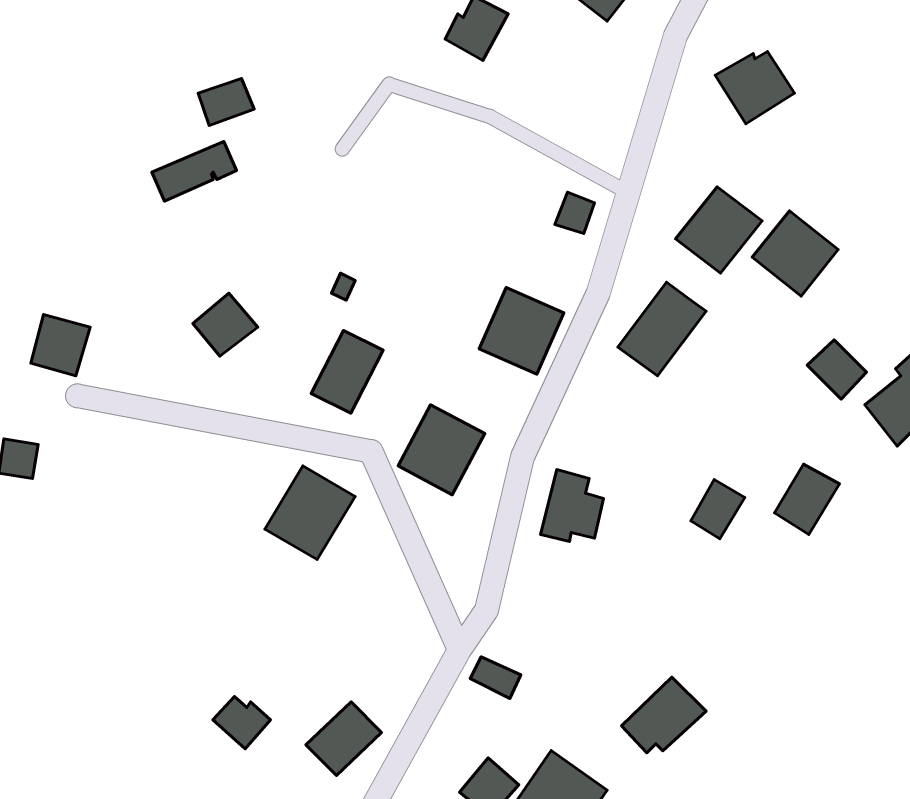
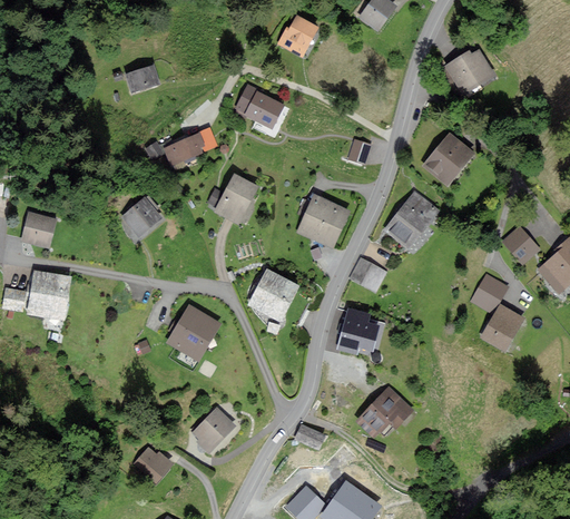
building: none -> [236,85,281,127]
building: [152,142,237,201] -> [164,127,216,164]
building: [752,211,838,296] -> none
building: [311,330,383,413] -> [216,174,261,225]
building: none -> [351,258,384,288]
building: none -> [27,270,73,332]
building: [691,480,745,539] -> [472,274,505,311]
building: [621,677,706,753] -> [358,388,411,434]
building: [306,702,382,776] -> [188,404,235,450]

